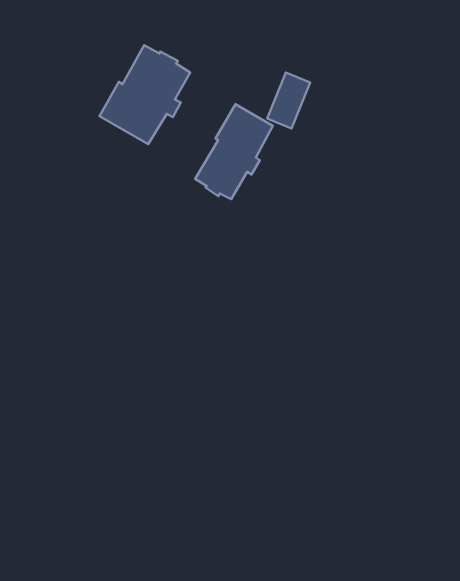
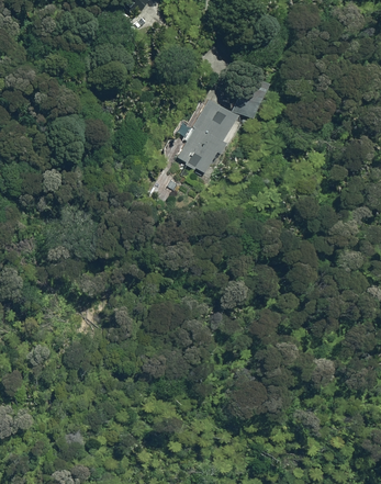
building: [100,45,190,144] -> none

